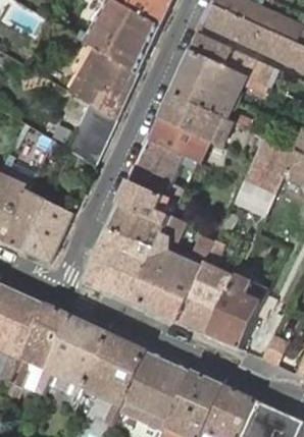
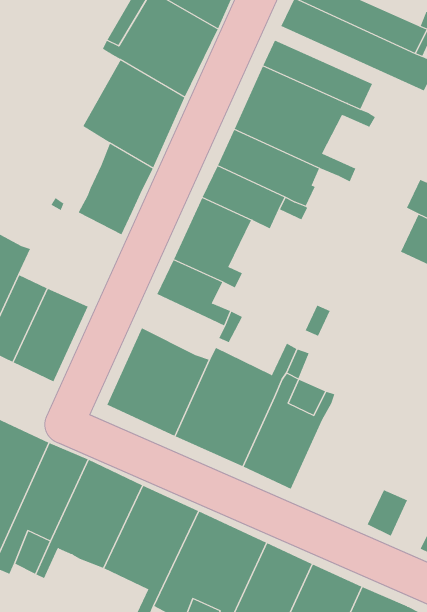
building: [234,142,291,215] -> none
building: [108,205,155,245] -> none
building: [209,278,267,350] -> none

